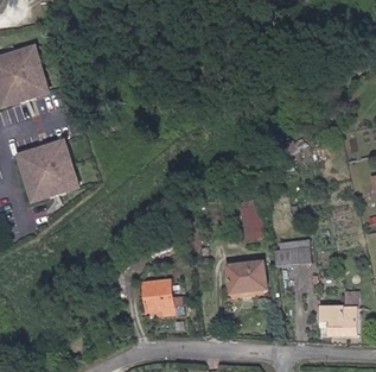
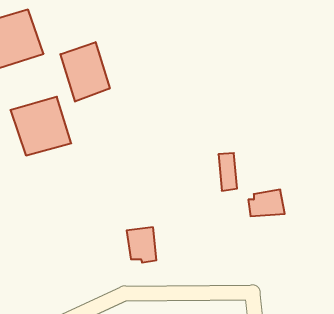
building: none -> [60,42,110,102]
building: [224,260,267,294] -> none
building: [320,289,359,335] -> none

